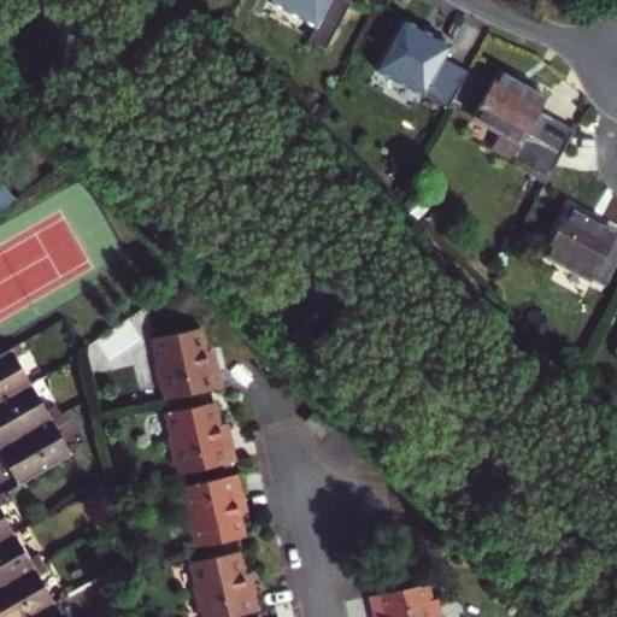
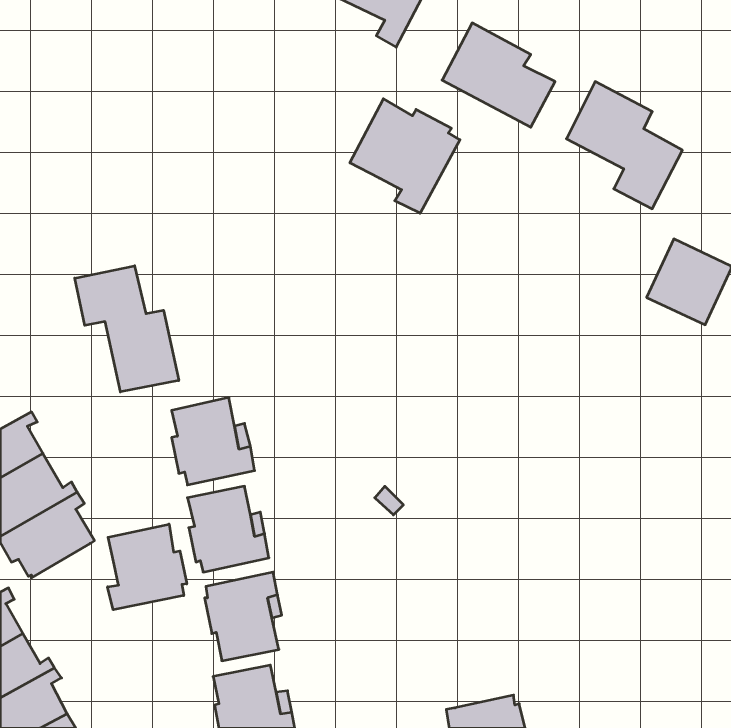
building: none -> [350,99,460,213]
building: none -> [75,266,179,392]
building: none -> [108,524,187,610]

